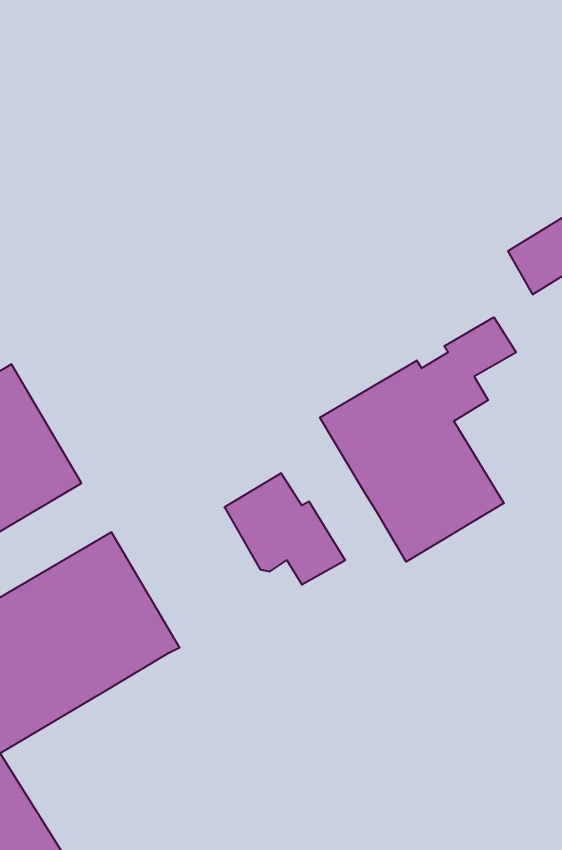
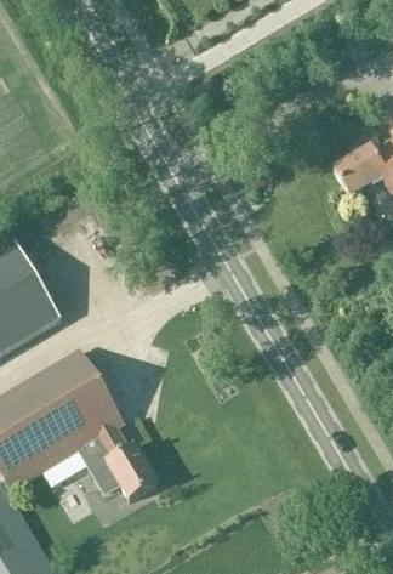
building: [320,317,516,562] -> none
building: [224,473,345,585] -> [79,425,156,496]

